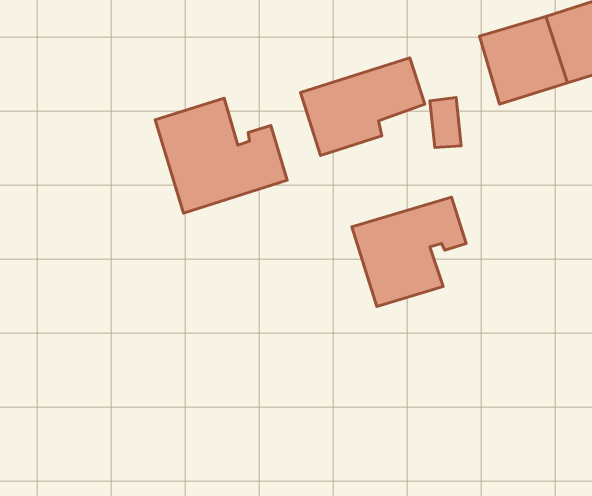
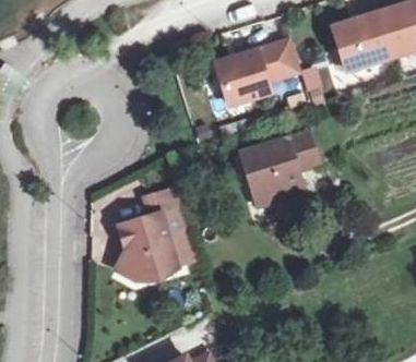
building: [155,98,287,213] -> none
building: none -> [108,186,193,285]

